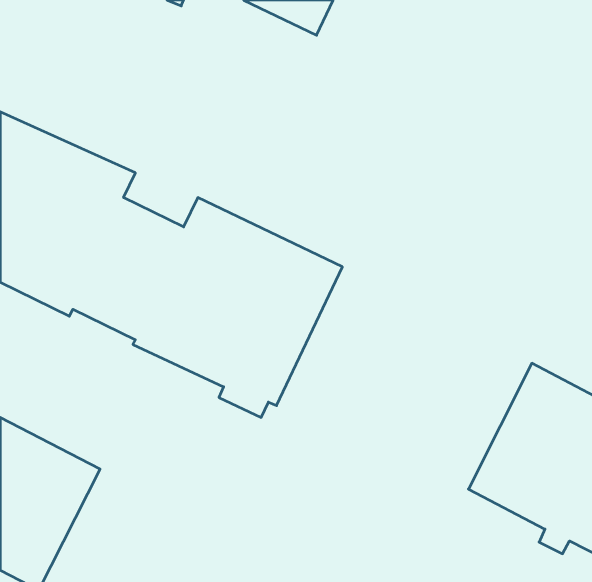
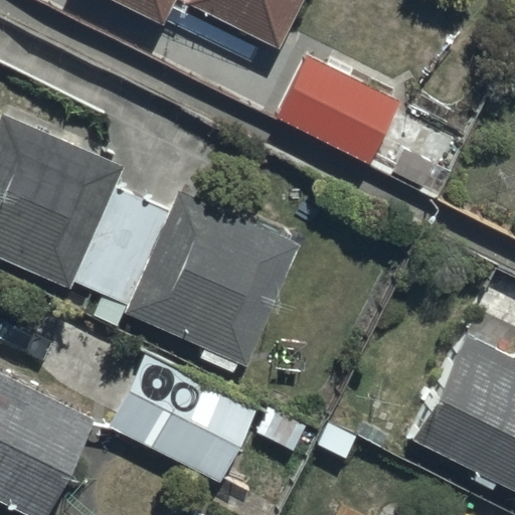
building: none -> [274,51,433,189]
building: none -> [108,350,258,482]

